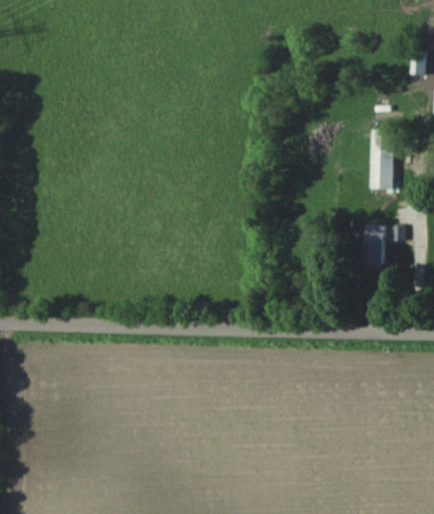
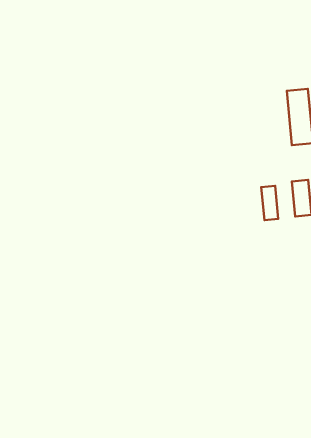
building: none -> [261,186,278,220]

